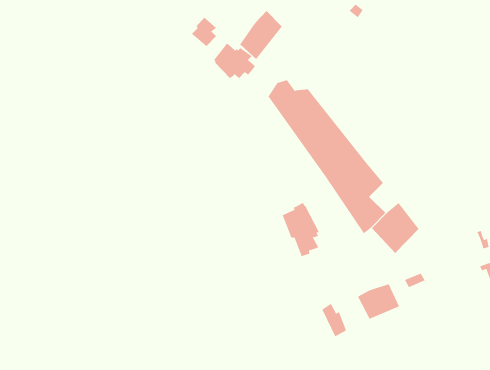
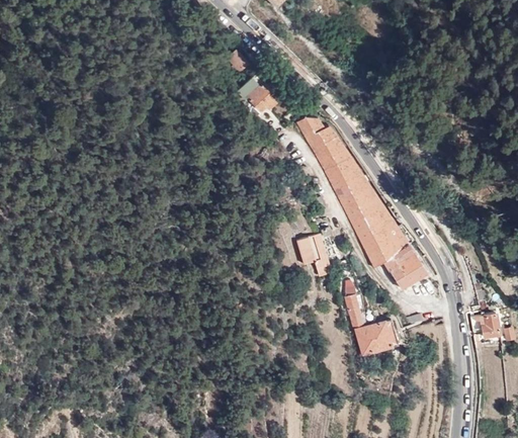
building: [240,10,283,60] -> none
building: none -> [379,225,409,254]
building: [321,303,347,337] -> [346,298,368,332]

